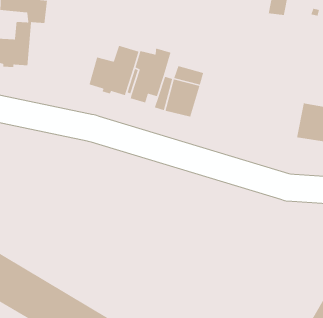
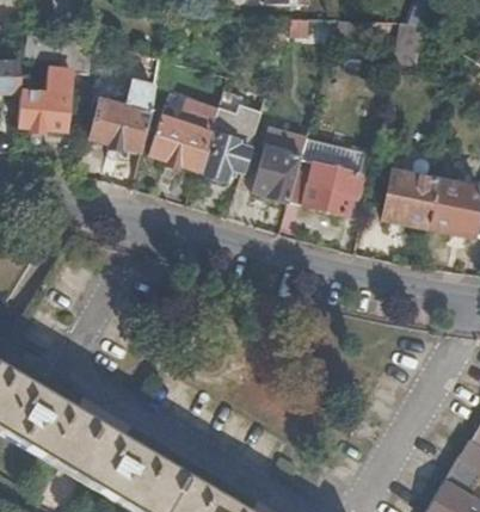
building: none -> [92,81,158,150]
building: none -> [289,158,367,214]
building: none -> [384,168,441,226]

